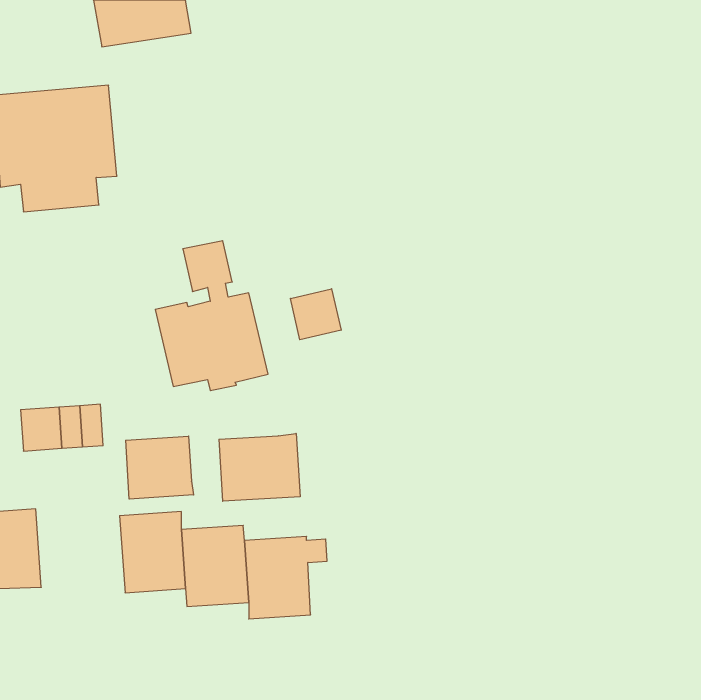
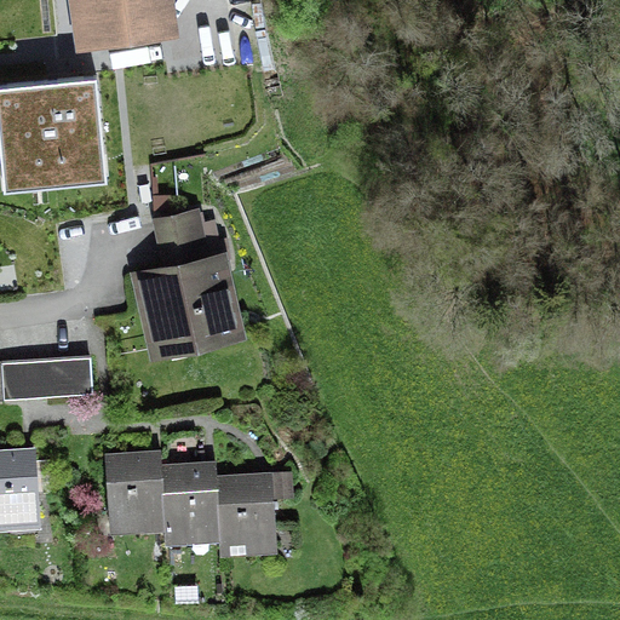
building: [290,289,341,340] -> none
building: [219,433,300,501] -> none
building: [126,436,194,499] -> none

